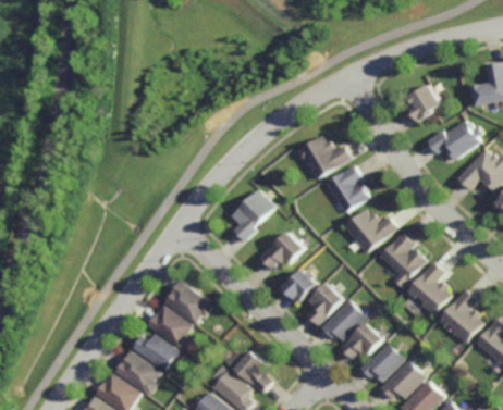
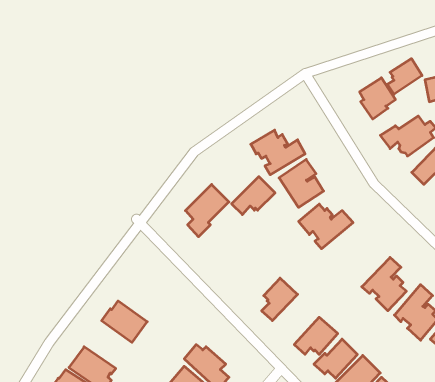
building: none -> [388,59,422,94]
building: [259,229,303,268] -> [232,177,275,215]
building: [379,231,426,286] -> none
building: [281,268,316,300] -> none
building: [162,281,211,324] -> none
building: [318,299,364,341] -> none
building: [131,333,176,370] -> none

